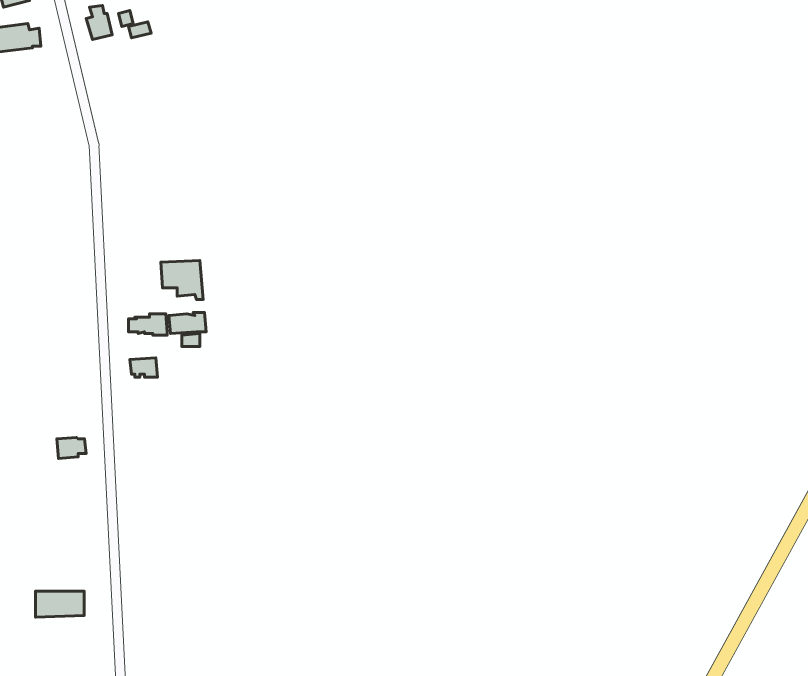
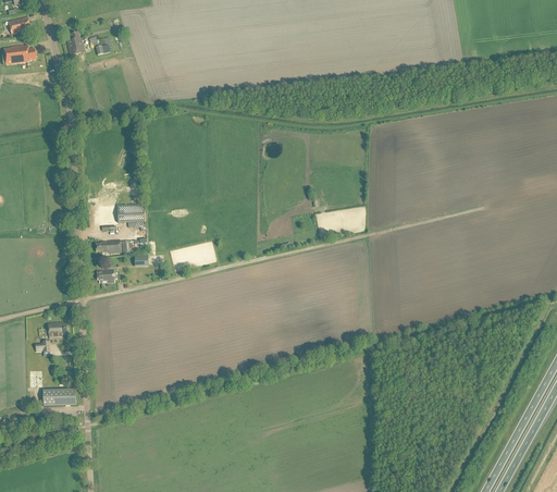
building: [36,591,84,617] -> [42,388,75,405]

